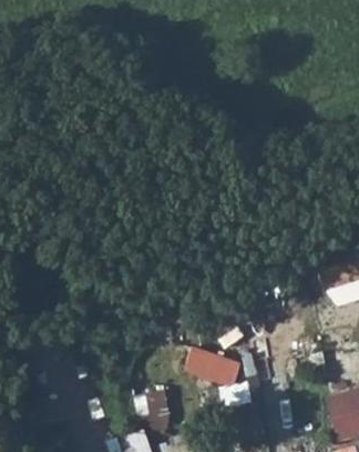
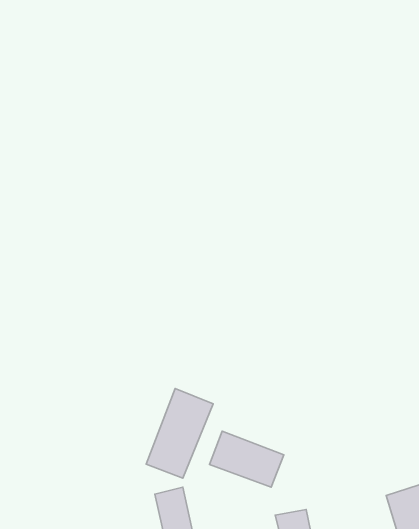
building: none -> [146,389,213,478]

